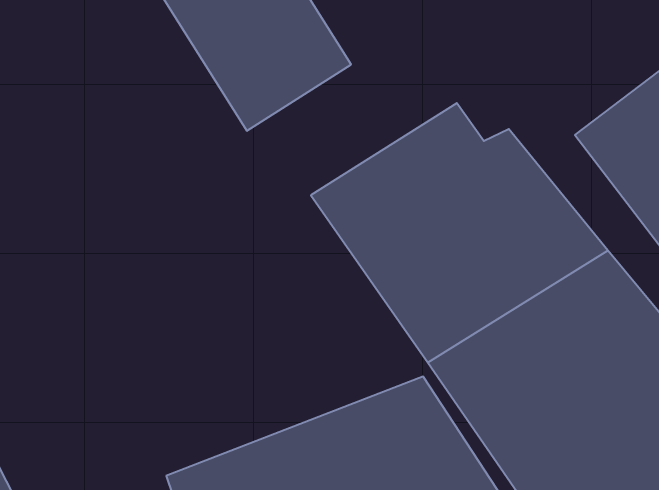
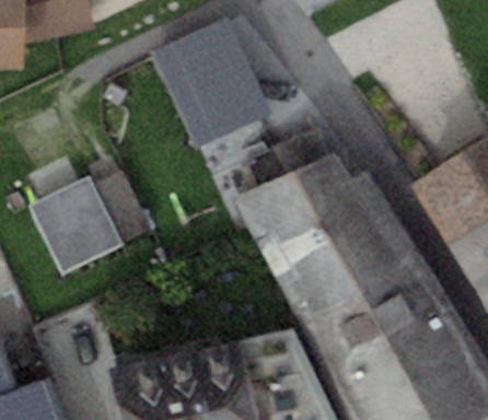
building: none -> [30,168,154,271]

